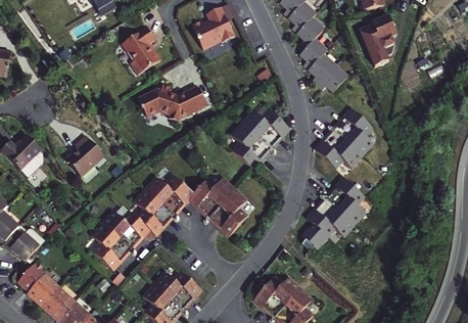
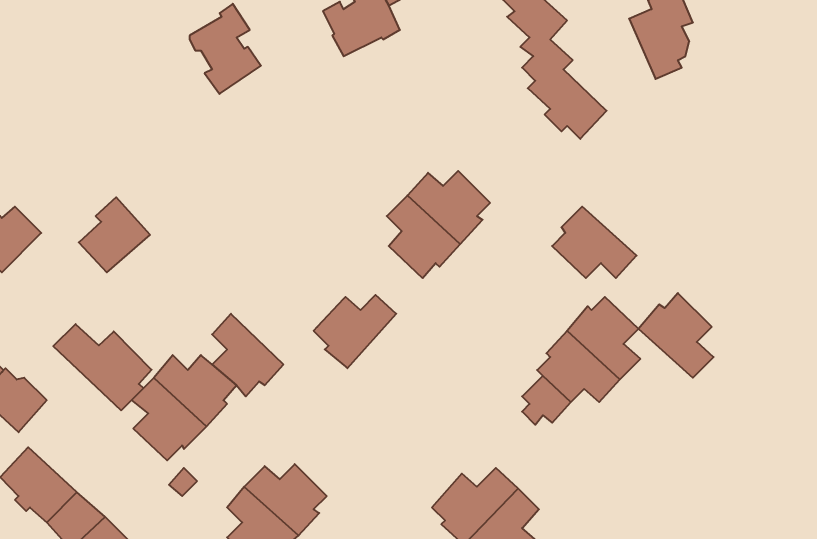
building: [141,84,209,121] -> none
building: [336,113,377,159] -> [639,293,714,378]
building: [145,179,192,219] -> none
building: [208,191,248,238] -> none
building: none -> [53,324,152,410]

